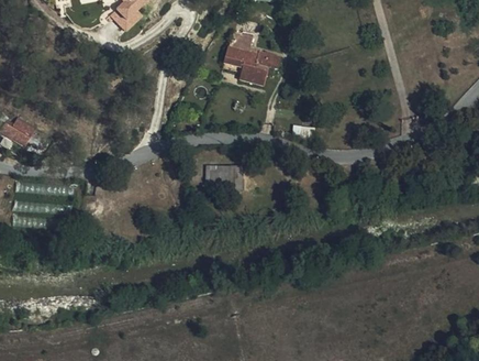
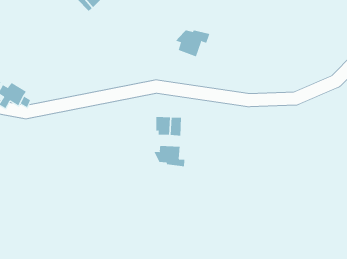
building: [223,33,253,67] -> none
building: none -> [154,145,185,167]

